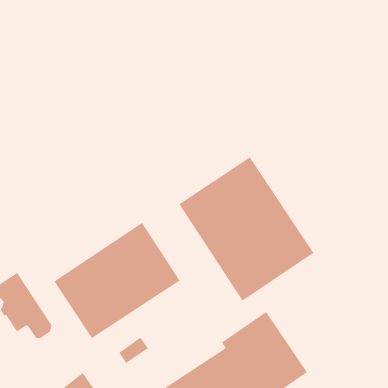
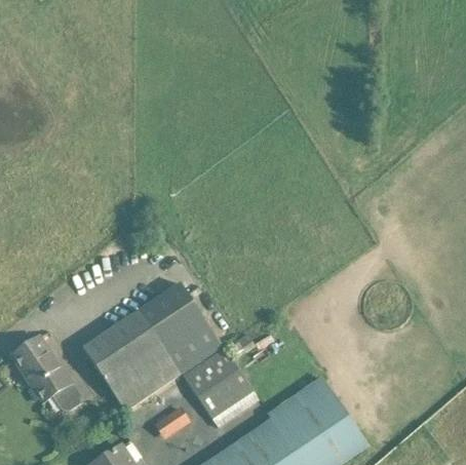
building: [178,157,314,302] -> none
building: none -> [184,347,254,417]

